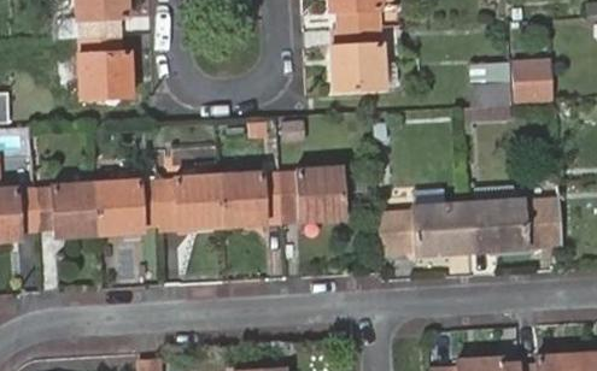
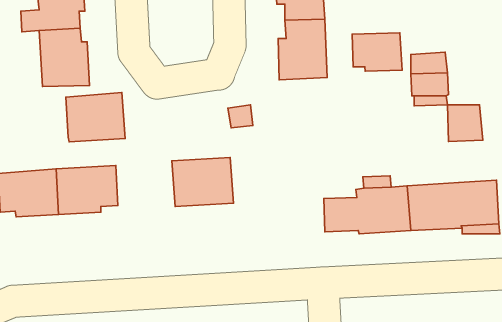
building: none -> [352,33,402,71]
building: [514,61,551,100] -> [447,105,483,141]
building: [280,167,344,220] -> none
building: [159,176,222,228] -> [66,93,125,142]

